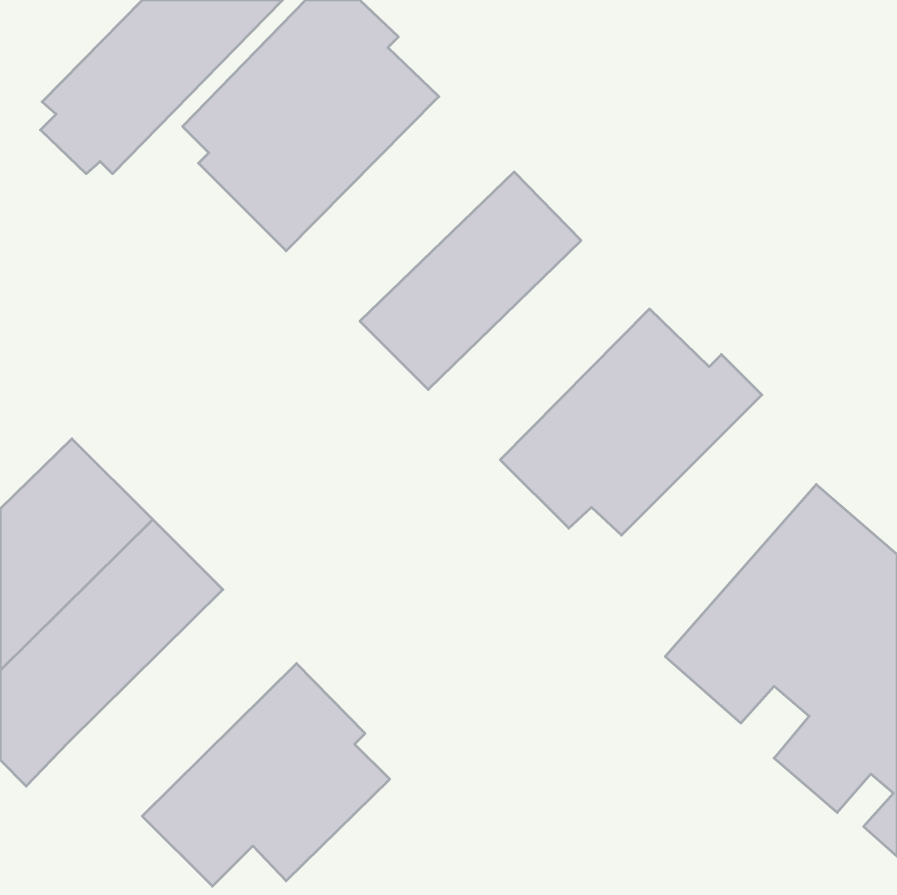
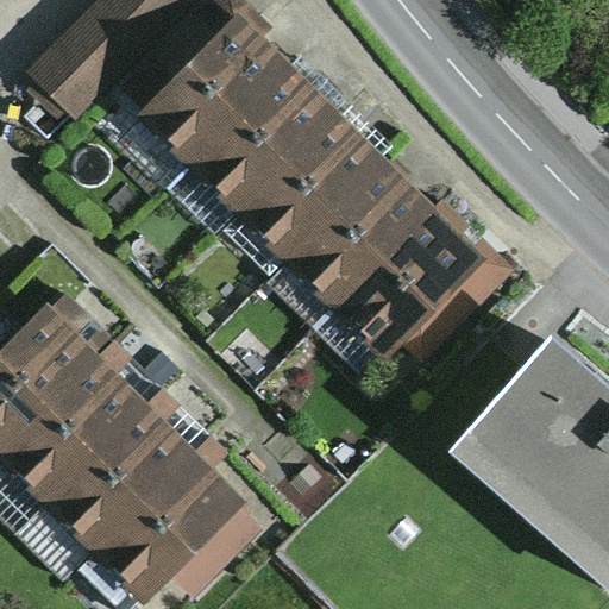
building: none -> [194,67,349,219]
building: none -> [290,164,440,313]
building: none -> [46,401,201,554]

